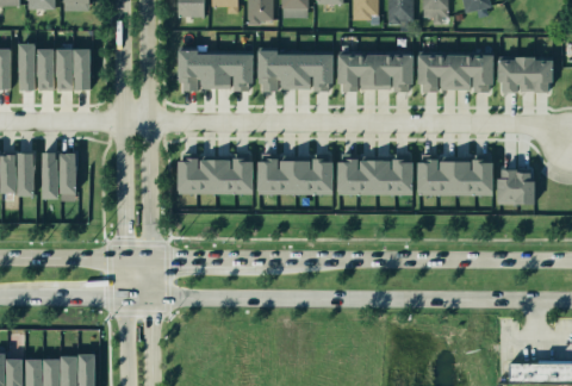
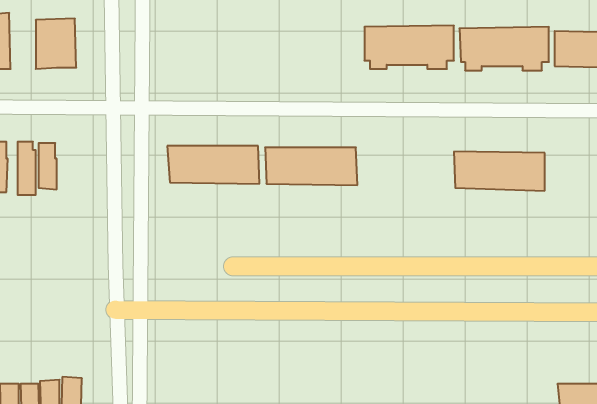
building: [179,49,254,92] -> none
building: [39,50,56,92] -> none
building: [260,51,335,94] -> none
building: [335,161,412,193] -> none
building: [496,169,531,203] -> none

